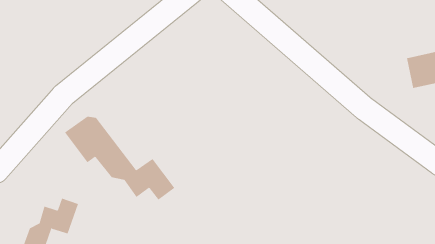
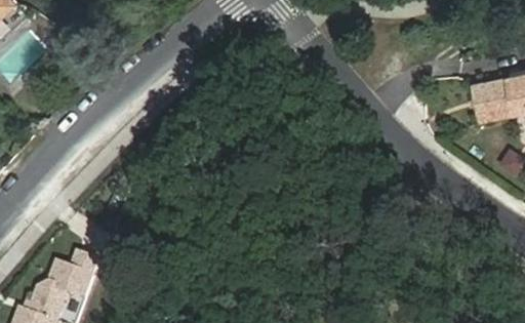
building: [64,116,175,201] -> none

